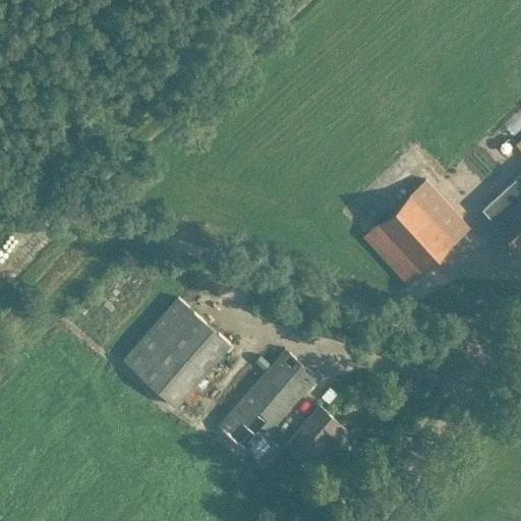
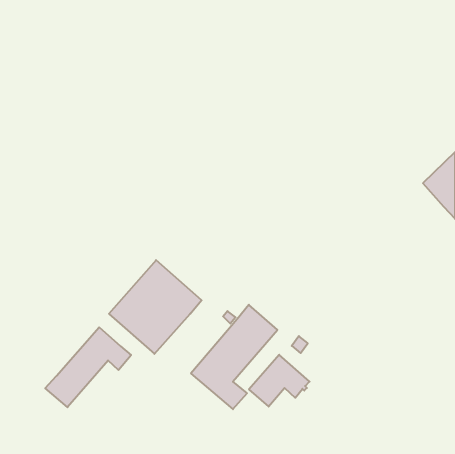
building: [363,182,469,286] -> none
building: none -> [45,327,131,407]

